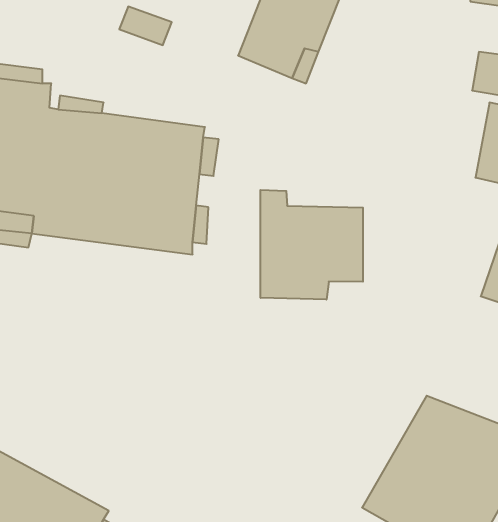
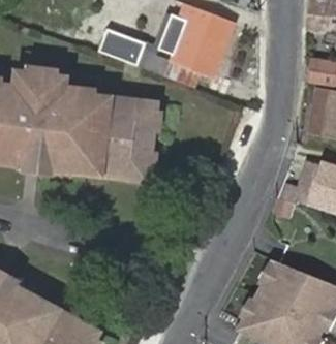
building: [260,190,363,300] -> none

